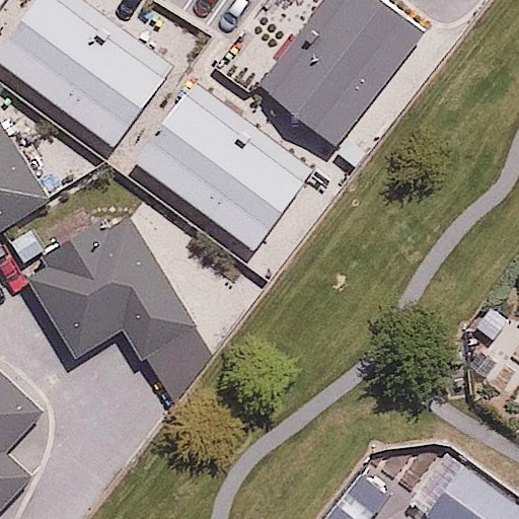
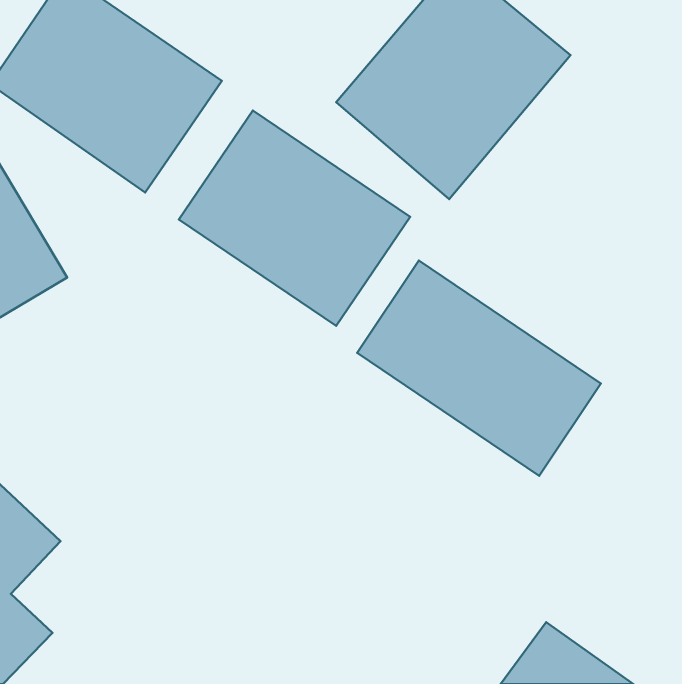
building: none -> [357,260,601,476]
building: [22,210,200,371] -> none

